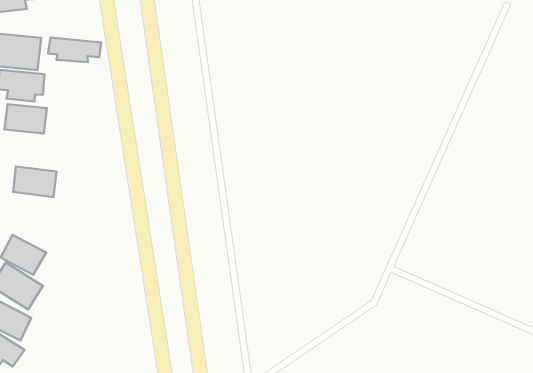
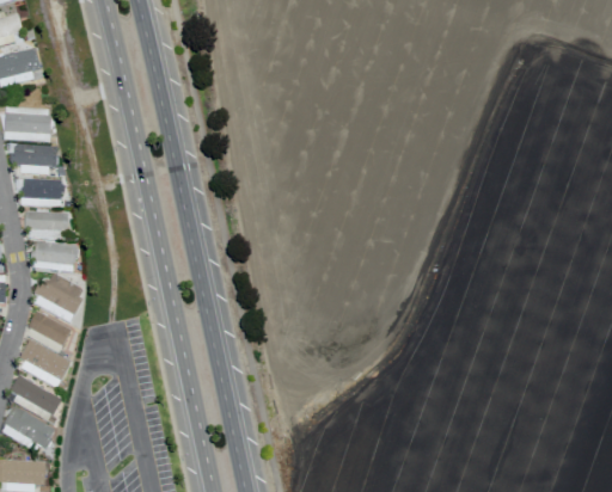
building: [48,38,101,62] -> none
building: none -> [26,211,68,239]
building: none -> [33,271,86,321]

